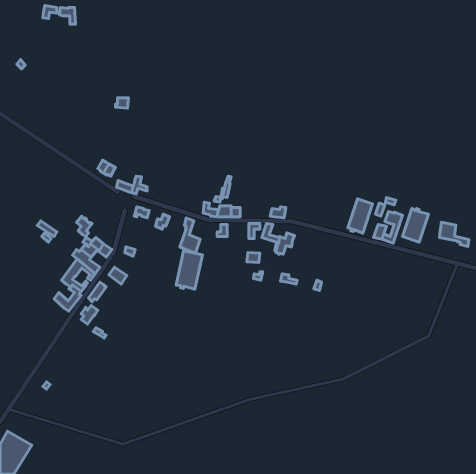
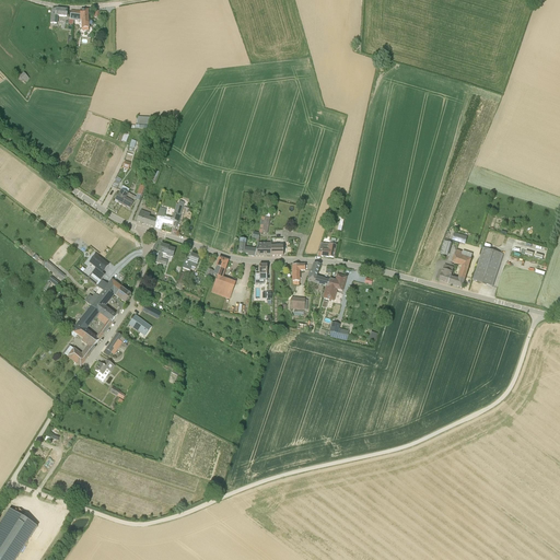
building: [348,199,372,233] -> none
building: [440,222,469,247] -> none
building: [176,251,202,289] -> none

